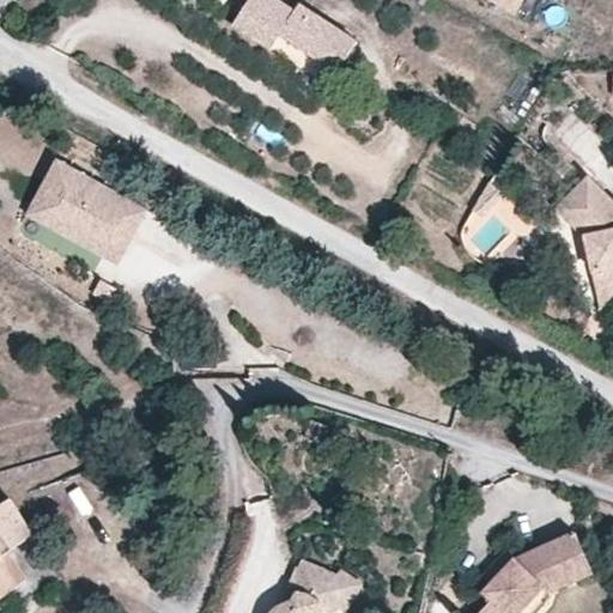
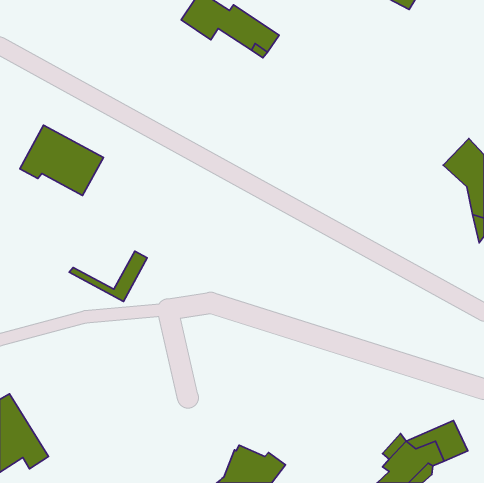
building: [48,199,146,262] -> [69,251,147,302]

